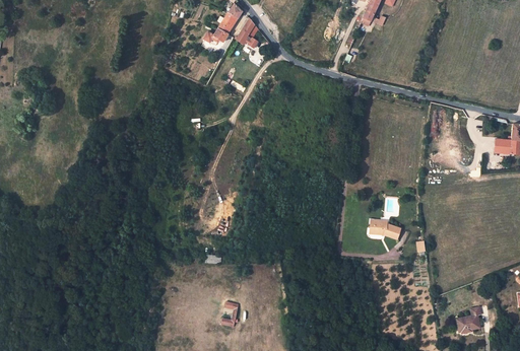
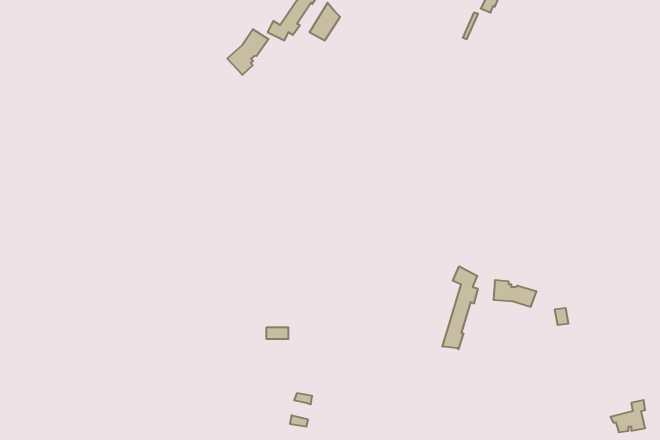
building: none -> [227,29,269,75]
building: none -> [442,266,478,349]

